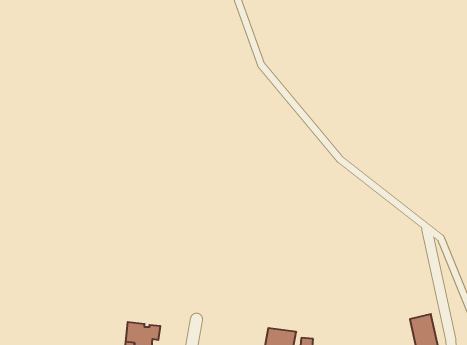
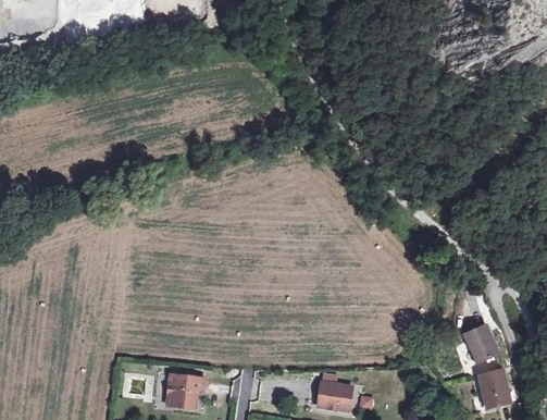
building: none -> [460,328,496,366]

